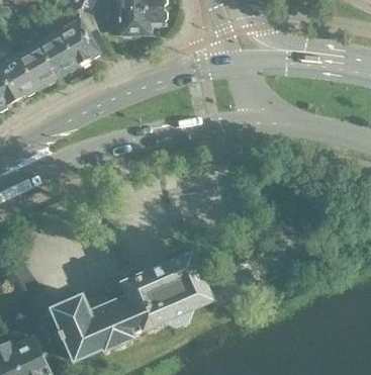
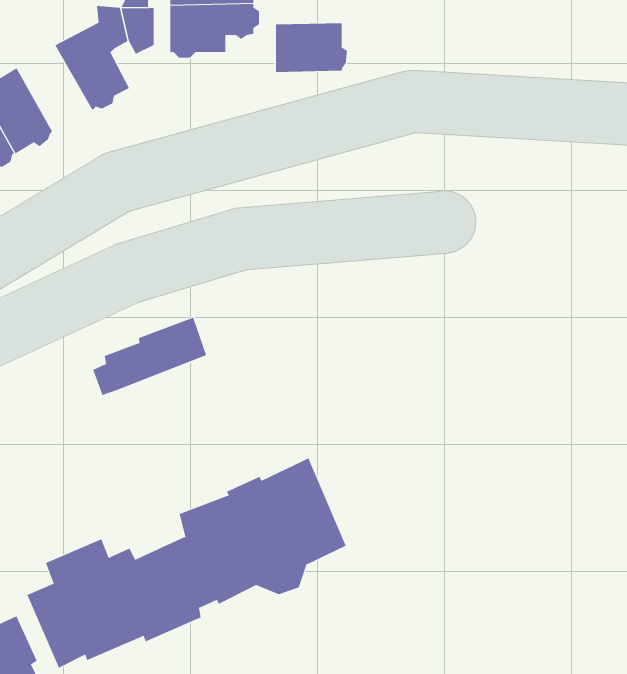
building: none -> [276,22,348,73]
building: [35,29,76,76] -> none
building: none -> [93,317,207,396]

